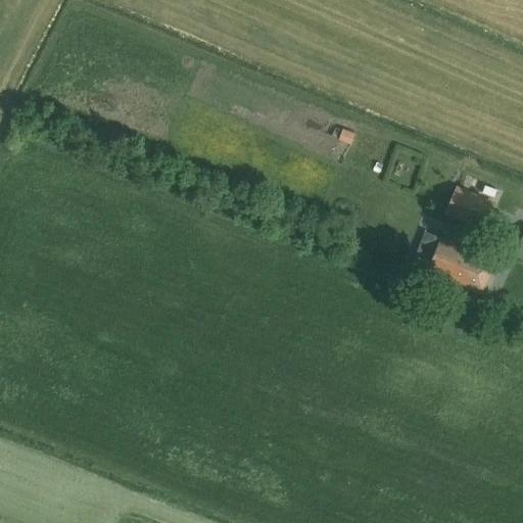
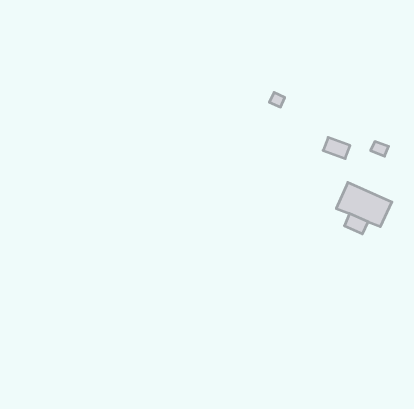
building: [438,197,472,224] -> [323,137,350,159]

